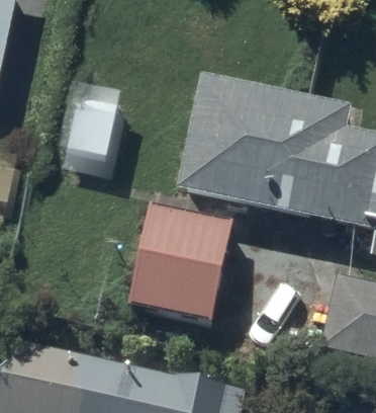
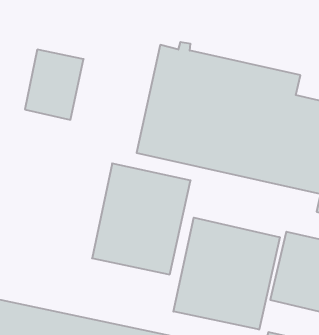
building: none -> [173,218,280,330]

